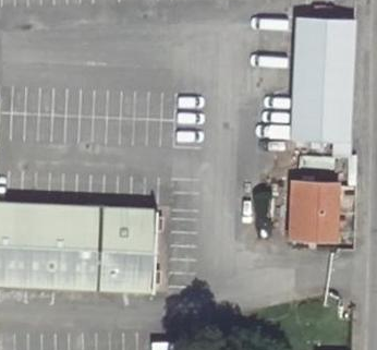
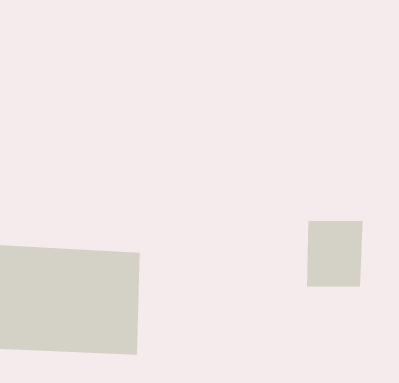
building: [290,15,350,142] -> none

